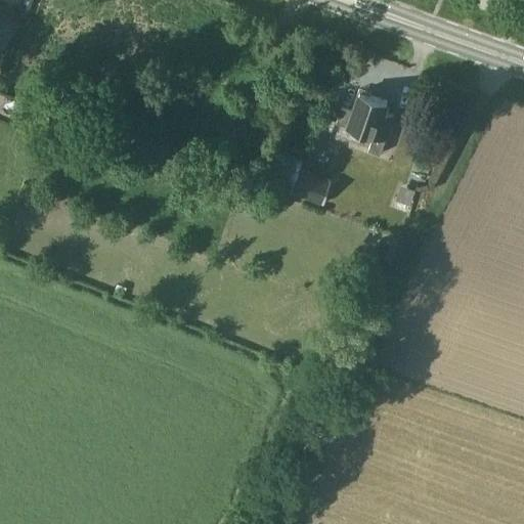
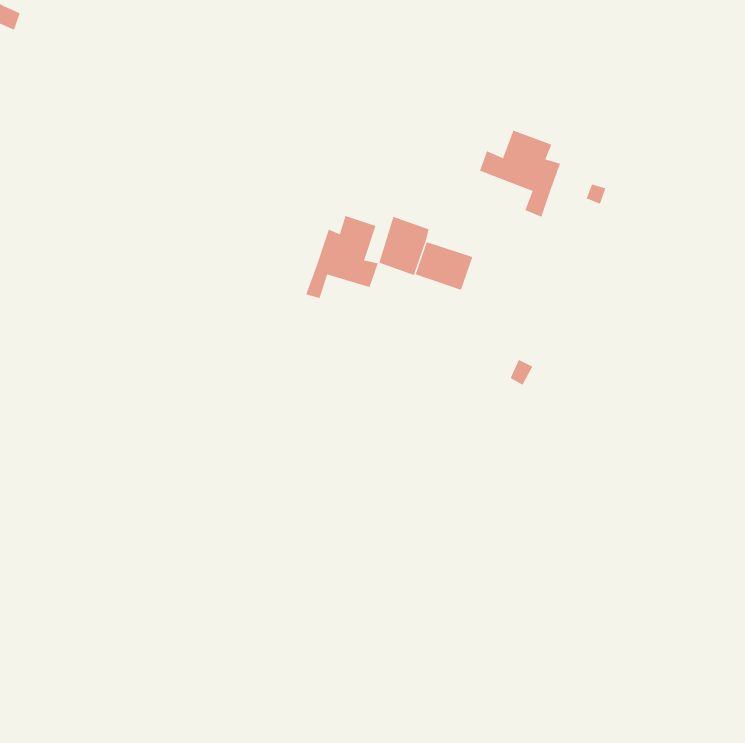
building: none -> [306,215,378,299]

